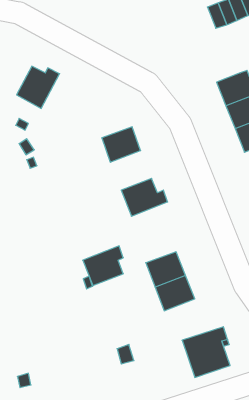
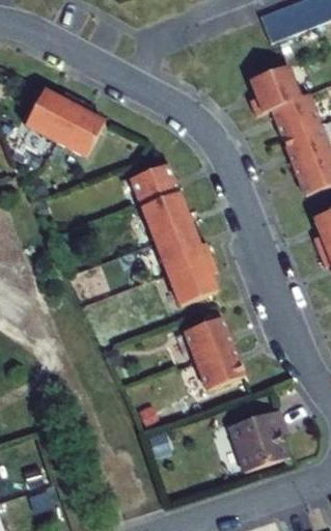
building: none -> [250,65,301,115]
building: none -> [56,99,105,157]
building: none -> [141,193,192,242]
building: [83,246,123,286] -> [167,256,217,305]

